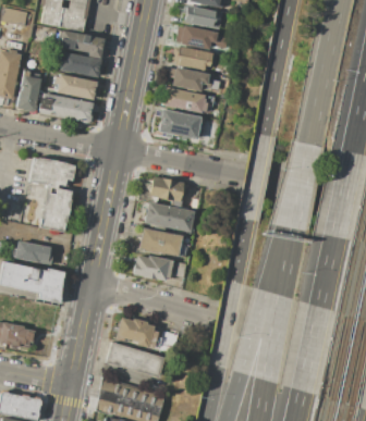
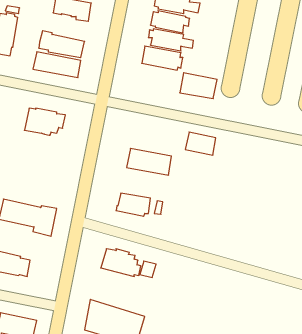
building: [58,51,101,77] -> none
building: [16,75,40,111] -> none
building: [158,108,200,137] -> [180,73,217,99]
building: [149,176,184,202] -> [185,132,216,155]
building: [40,185,73,231] -> none
building: [139,228,182,256] -> none
building: [14,238,54,262] -> none
building: [106,342,166,377] -> none

